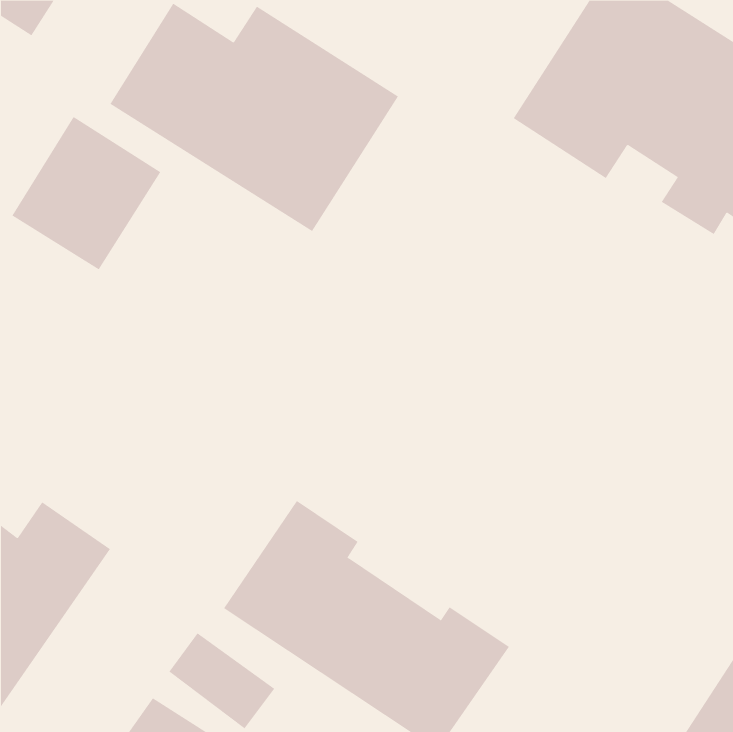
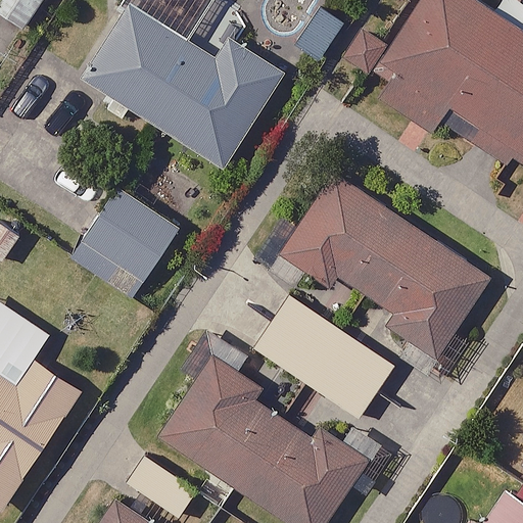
building: [11,116,161,270] -> [73,187,179,296]
building: none -> [279,177,486,356]
building: none -> [258,298,393,416]

